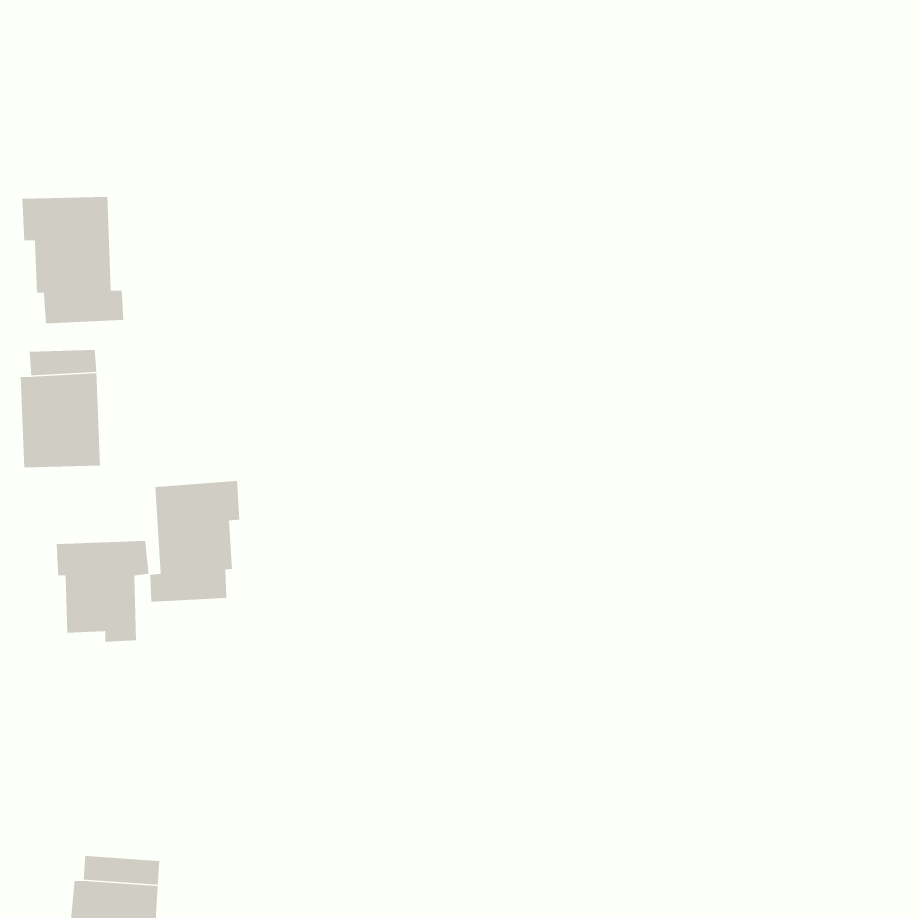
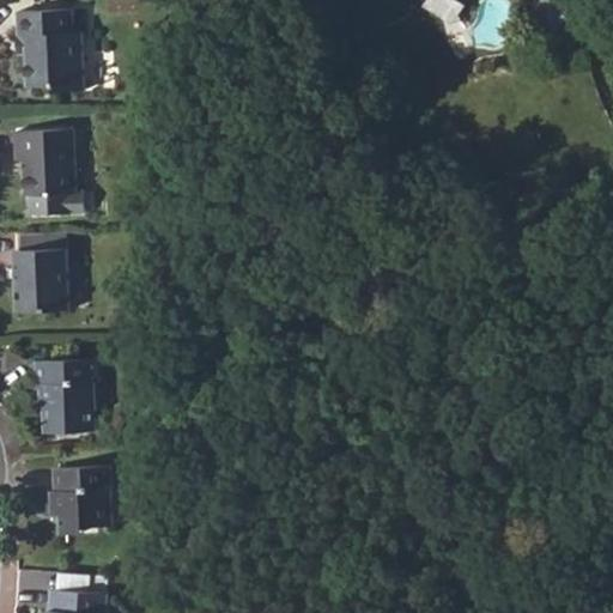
building: none -> [17,12,81,95]
building: [149,480,240,603] -> none
building: none -> [50,465,109,529]

